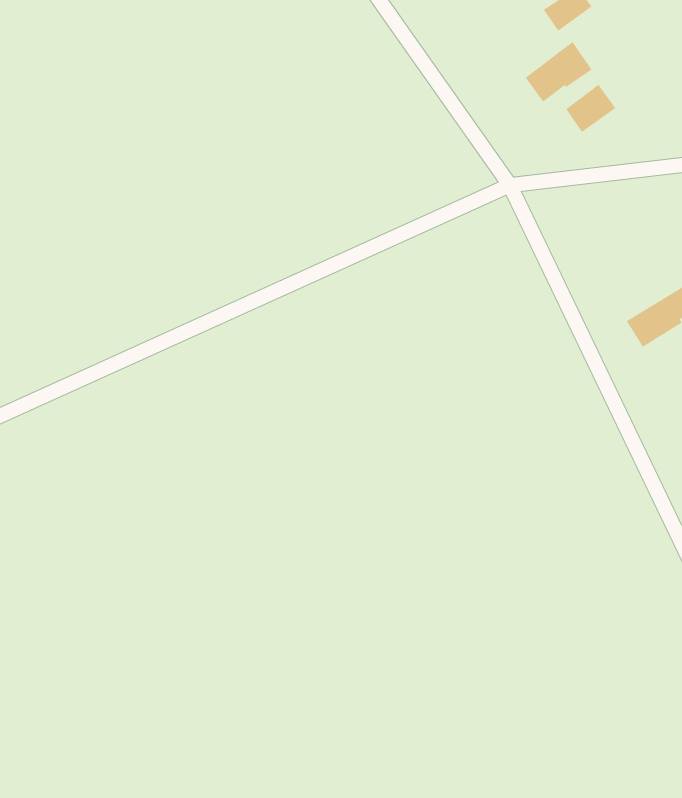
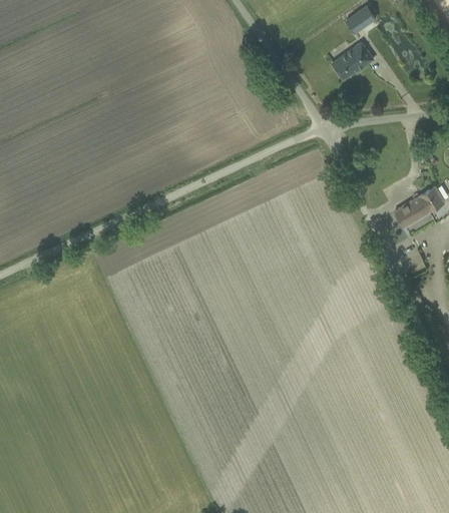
building: [566,84,616,133] -> none

